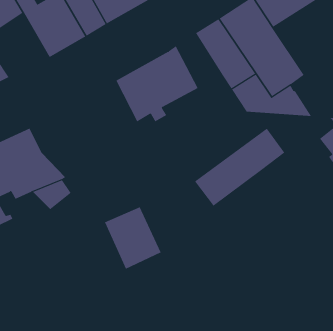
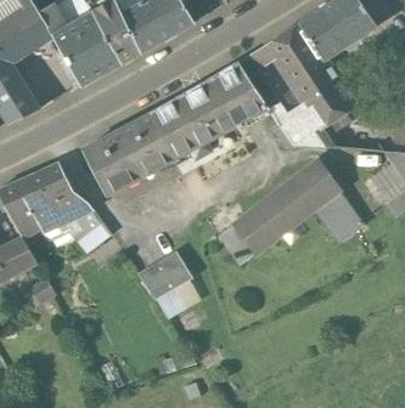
building: none -> [216,61,266,120]
building: none -> [80,112,174,196]
building: none -> [309,189,361,244]
building: none -> [219,221,257,261]

